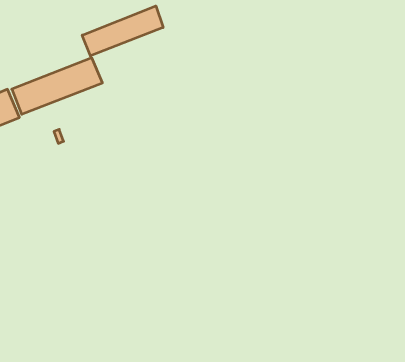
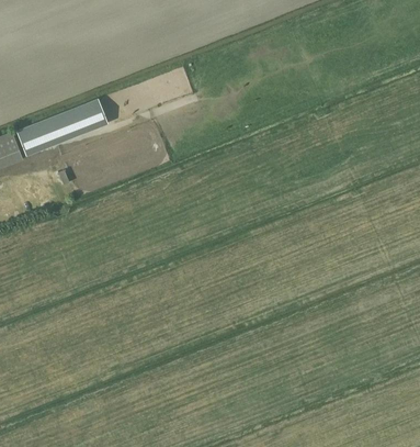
building: [82,6,163,56] -> none

